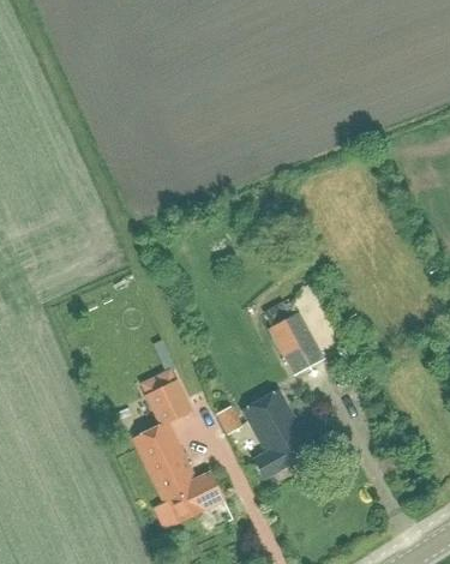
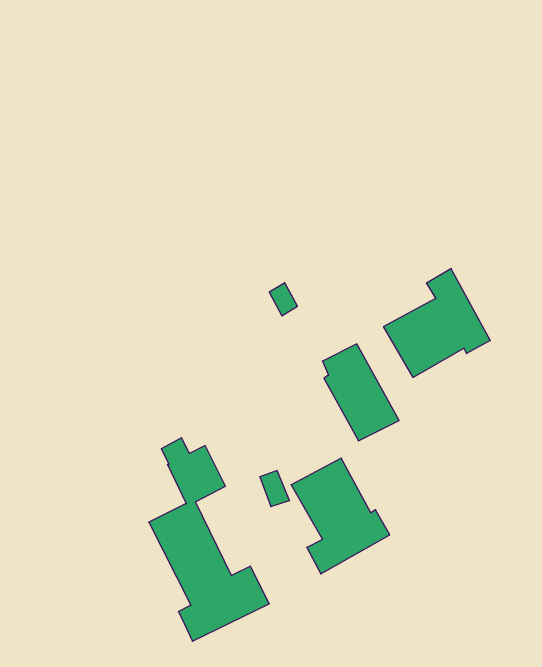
building: none -> [384,268,490,377]

